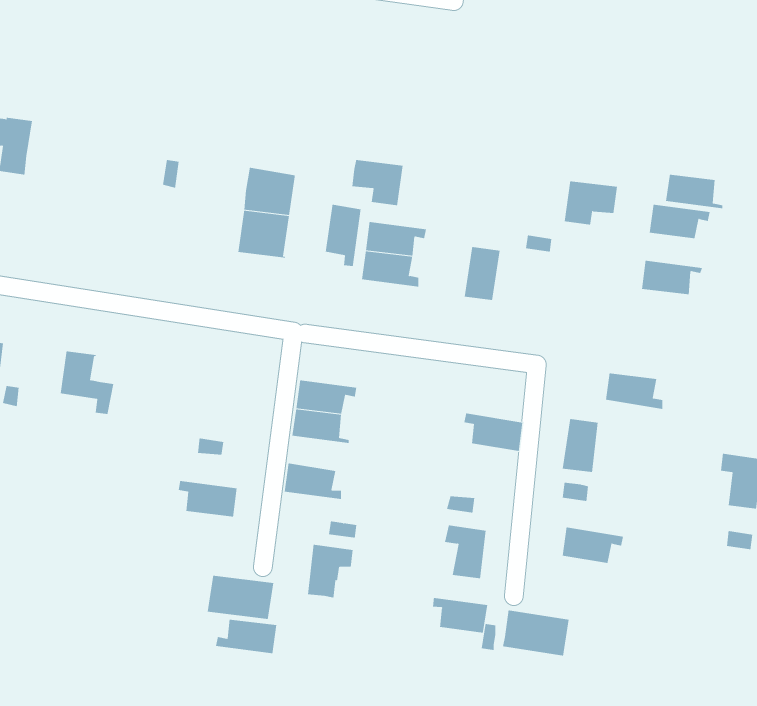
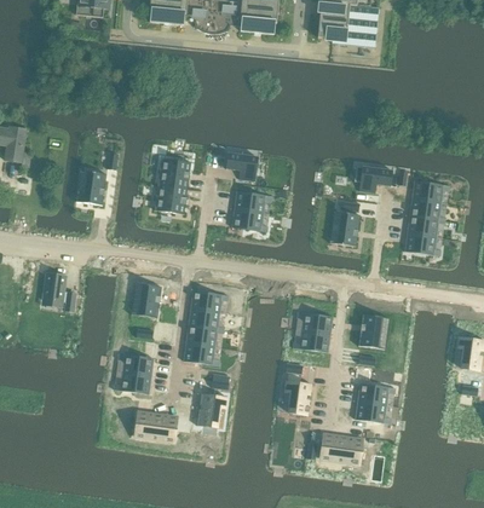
building: [665,174,723,209] -> [409,197,445,219]
building: none -> [75,168,106,203]
building: [325,204,361,267] -> none
building: [464,247,500,301] -> [336,210,359,244]
building: none -> [139,283,161,317]
building: [605,373,663,410] -> [404,232,440,255]
building: none -> [185,324,224,346]
building: none -> [292,329,330,351]
building: none -> [355,399,391,422]
building: [432,597,488,633] -> none
building: [215,619,277,654] -> [113,371,151,393]

